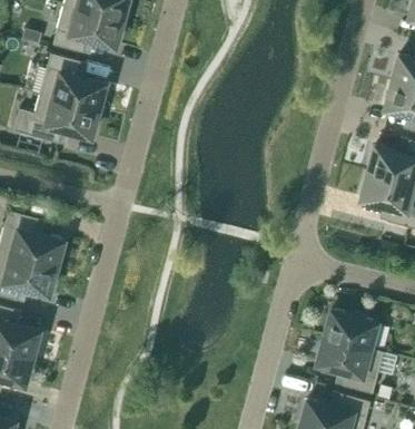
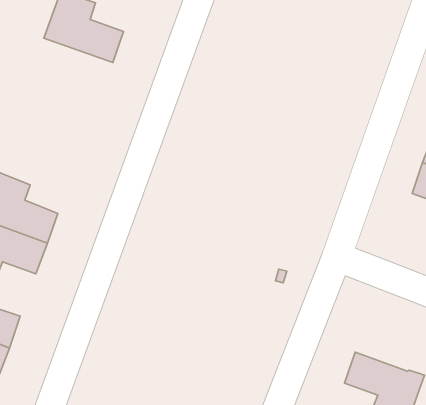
building: [14,94,100,143] -> none
building: [325,310,378,349] -> none

